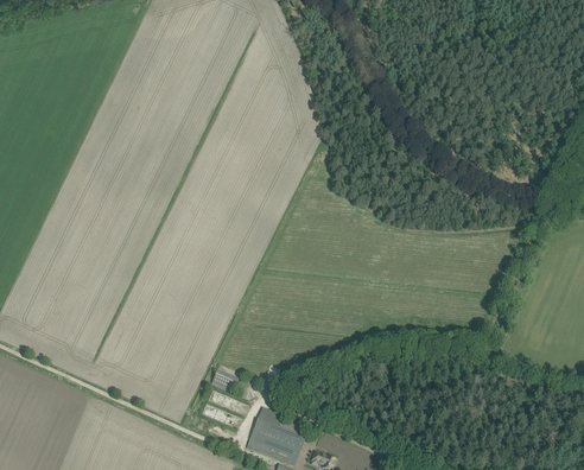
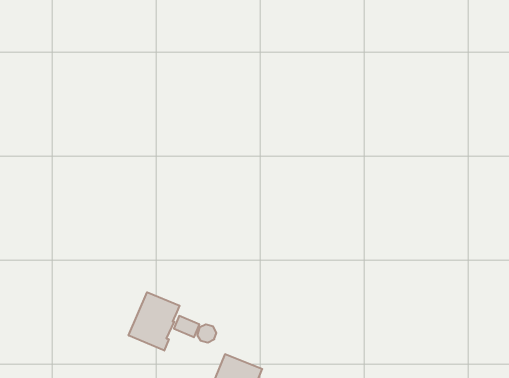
building: none -> [129,292,180,351]

